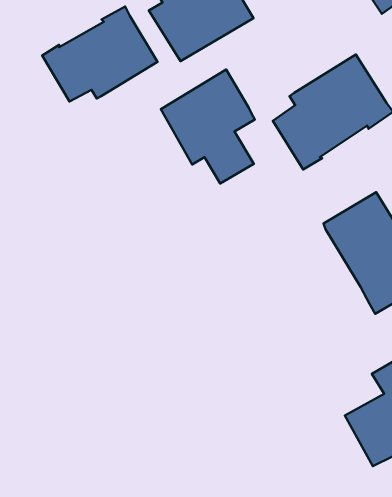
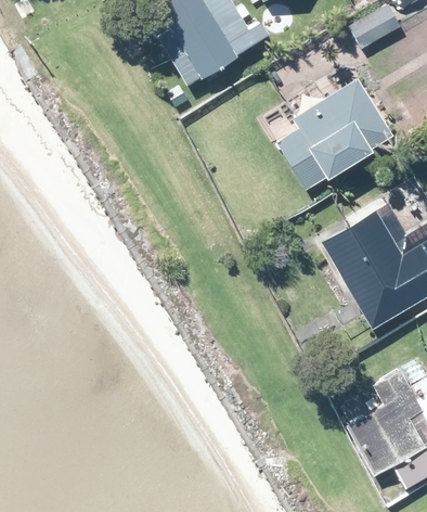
building: [42,6,158,102] -> none
building: [161,70,255,183] -> none

